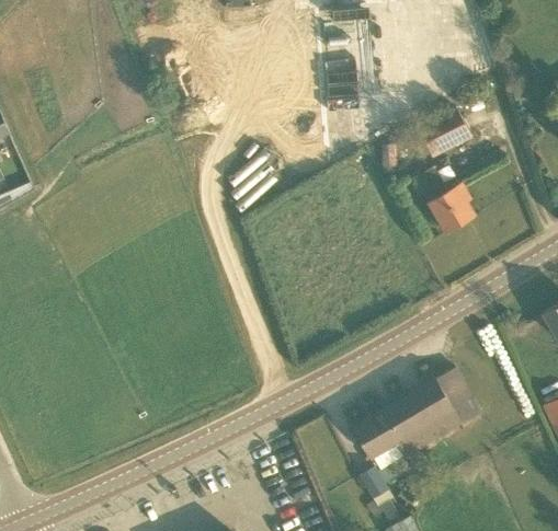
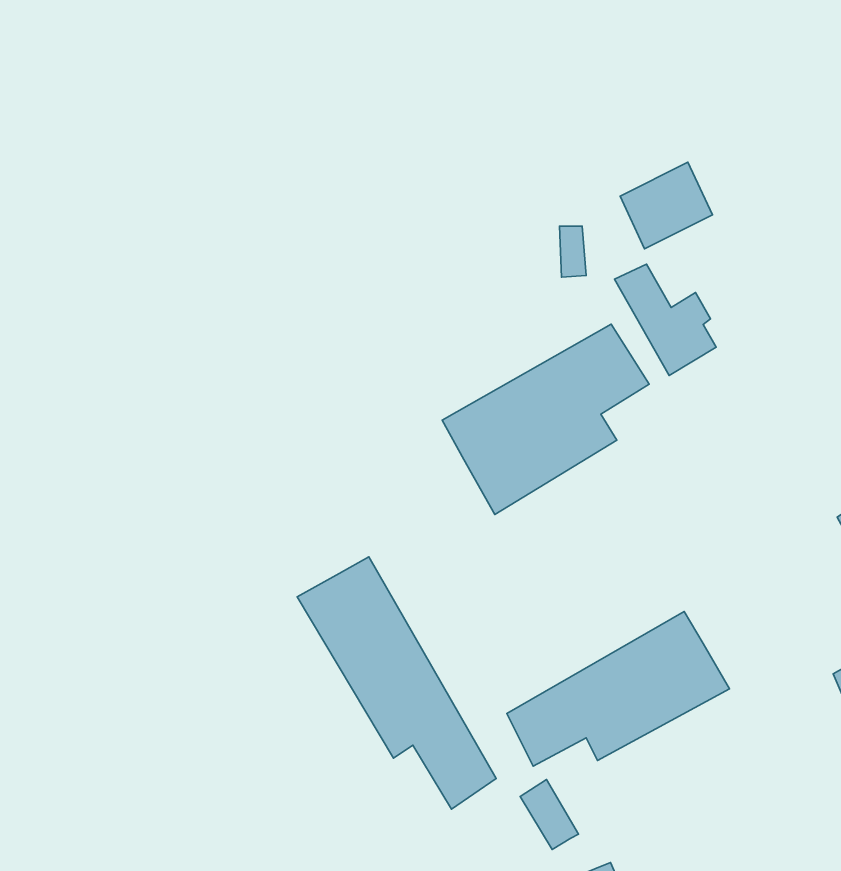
building: none -> [442,324,649,515]
building: none -> [297,557,496,809]

